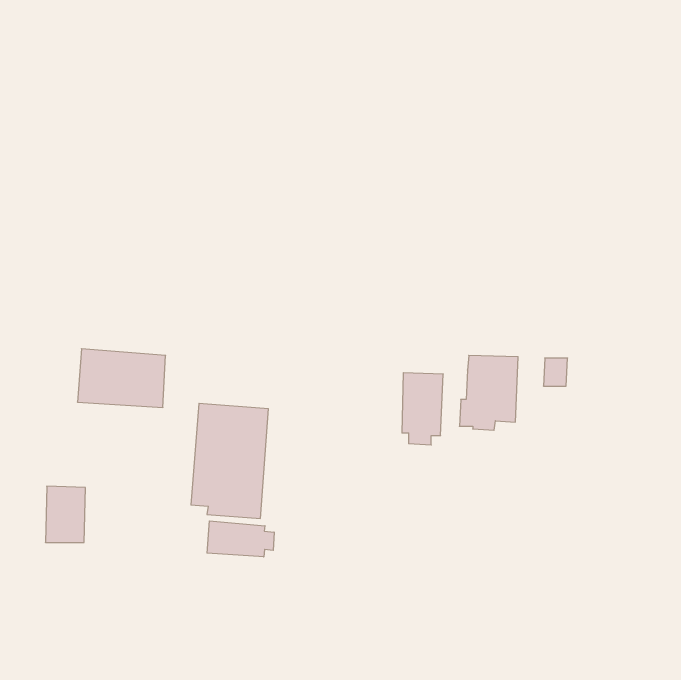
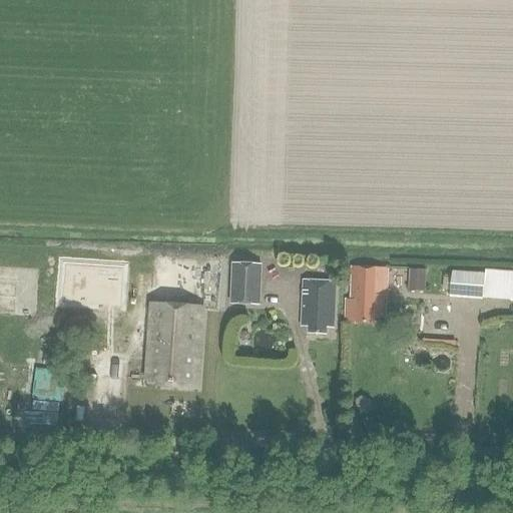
building: none -> [229,261,262,304]
building: none -> [450,269,483,296]
building: [207,521,274,557] -> none

